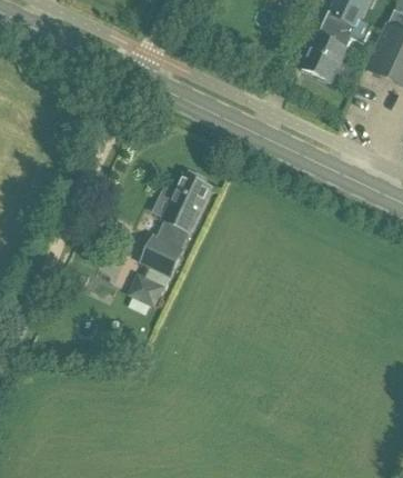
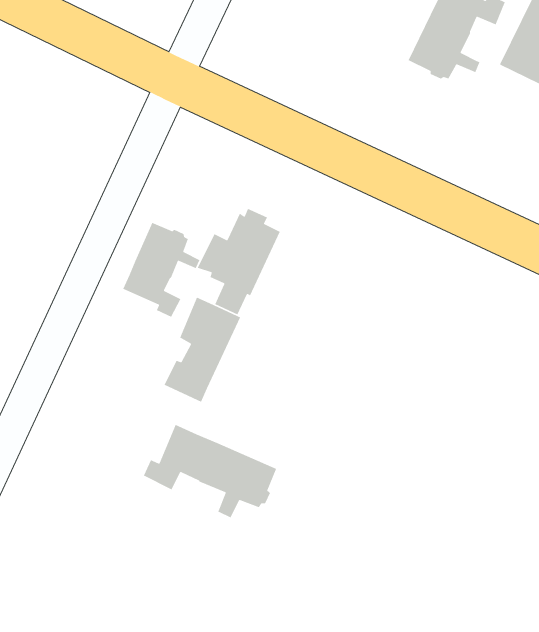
building: none -> [122,222,201,318]
building: none -> [143,424,277,519]

